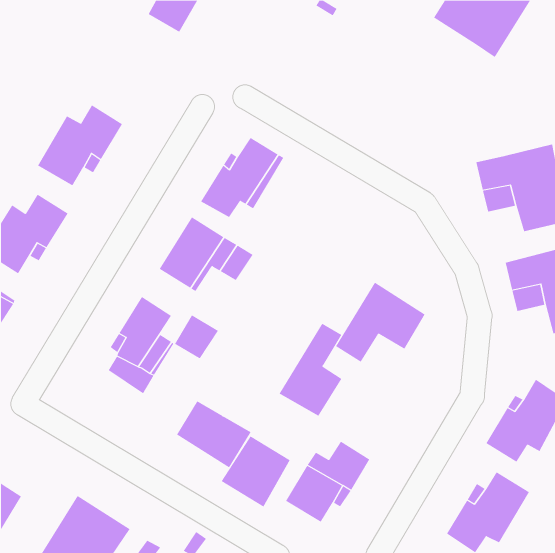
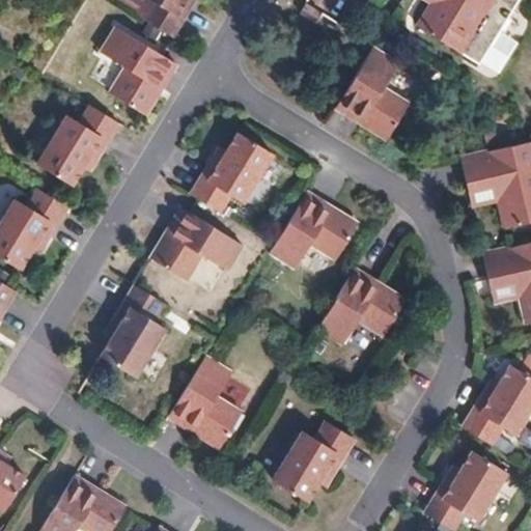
building: none -> [101,27,175,112]
building: none -> [336,46,409,136]
building: none -> [272,195,360,271]
building: [174,315,219,359] -> [189,357,231,399]
building: [279,323,342,416] -> none
building: [221,436,291,507] -> none

